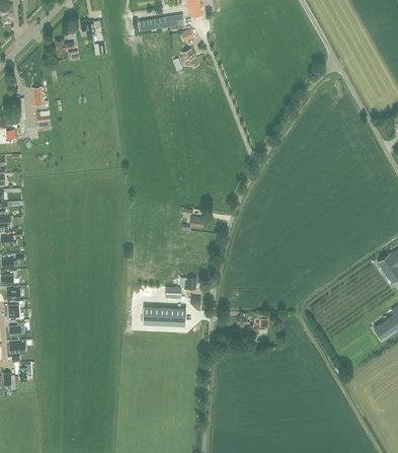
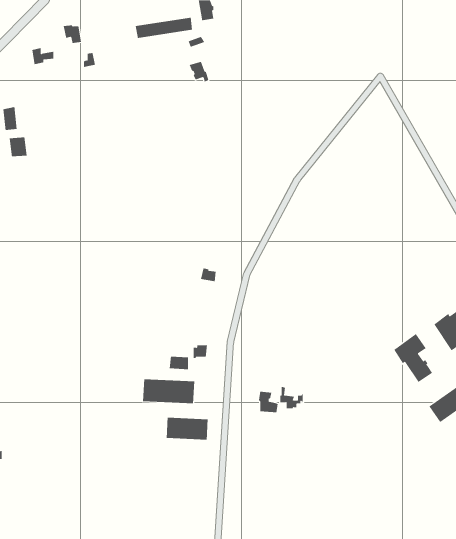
building: none -> [393,333,433,383]
building: none -> [166,417,208,441]

